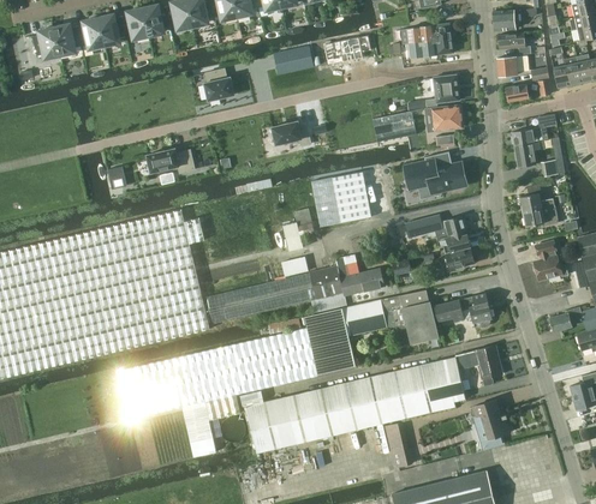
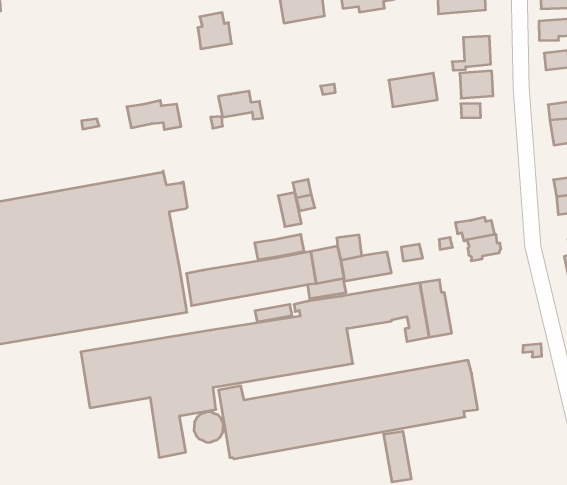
building: [270,121,310,145] -> [218,91,263,119]
building: [401,151,467,194] -> none
building: [311,172,369,227] -> none
building: [405,215,467,239] -> none
building: [434,293,490,328] -> none
building: [454,343,502,385] -> none
building: [469,400,509,448] -> none

